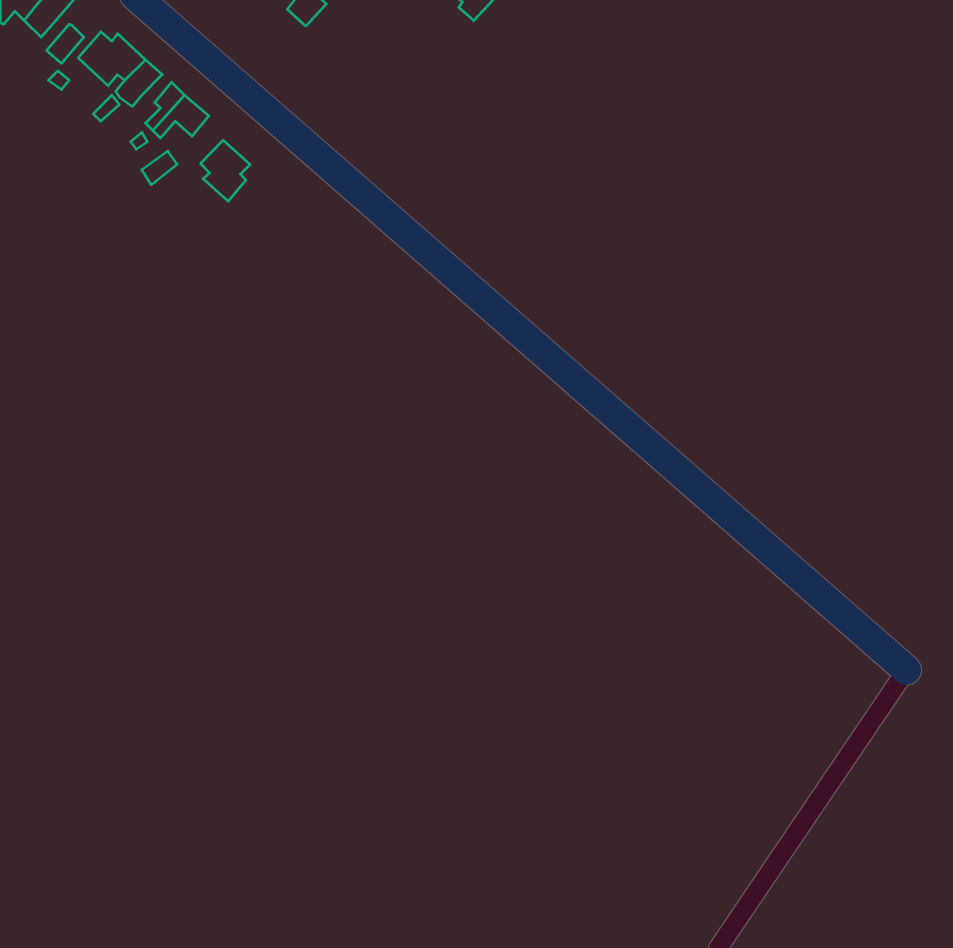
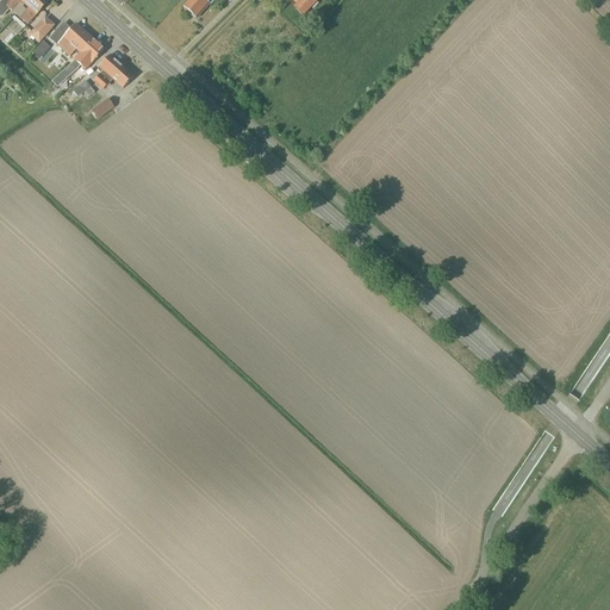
building: [201,140,250,201] -> none

